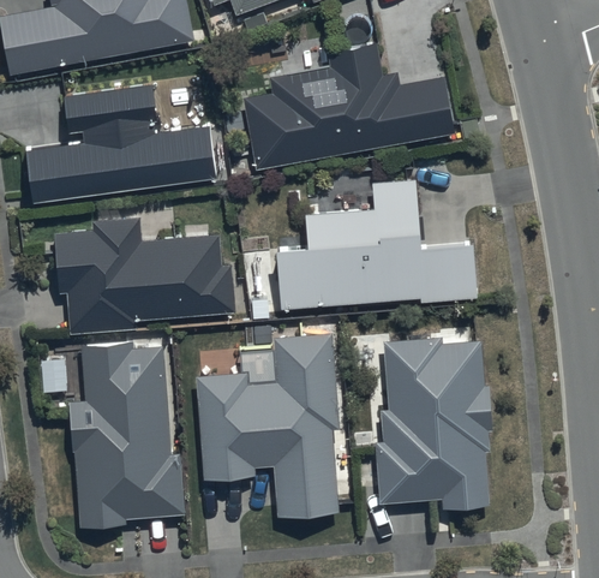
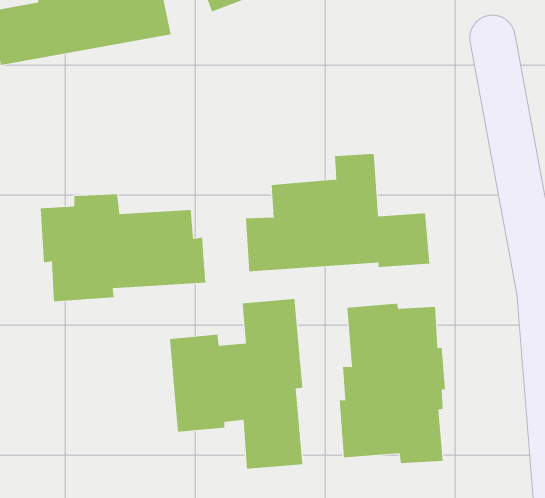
building: [245,46,454,174] -> none
building: [28,91,217,208] -> none
building: [71,338,184,525] -> none

